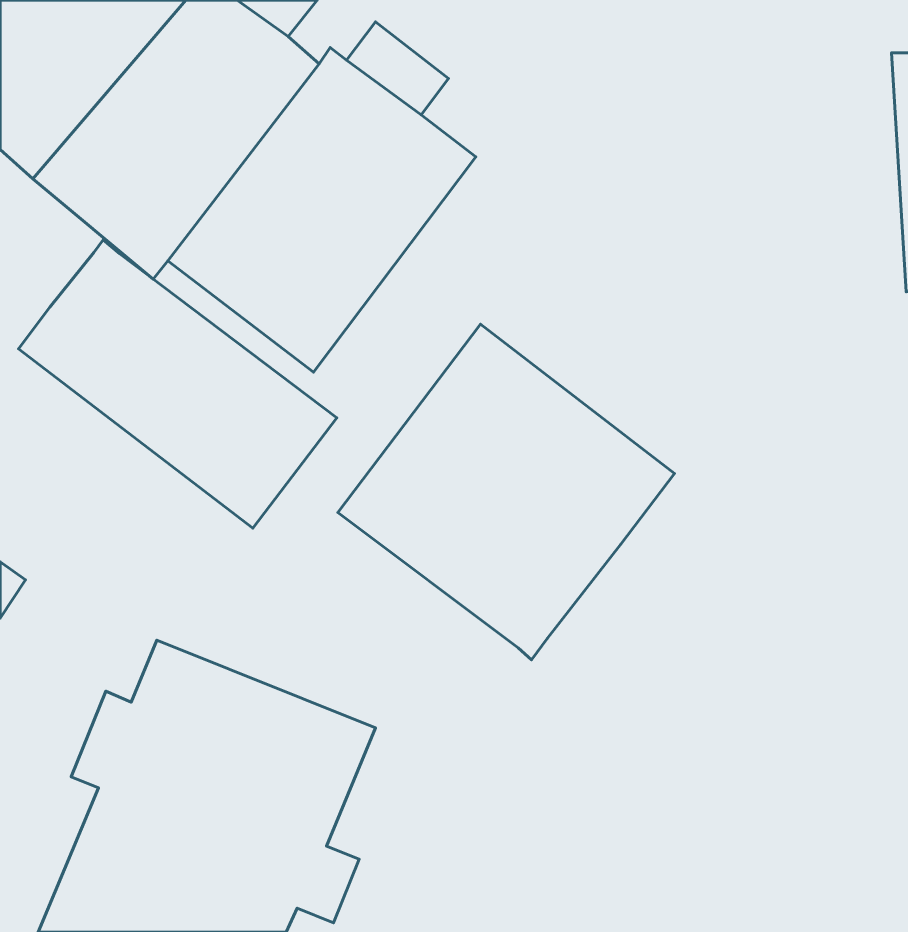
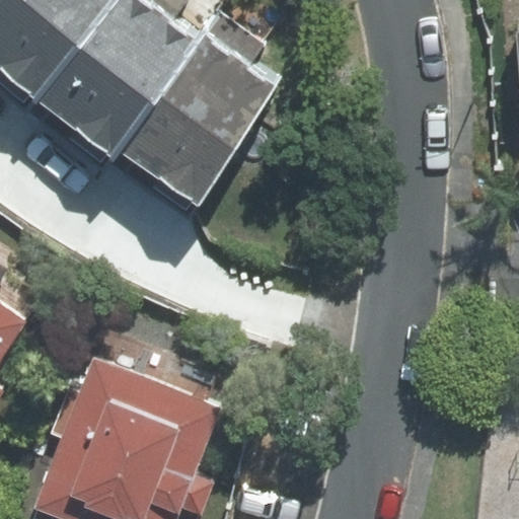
building: [19,240,337,528] -> none
building: [338,324,675,660] -> none

